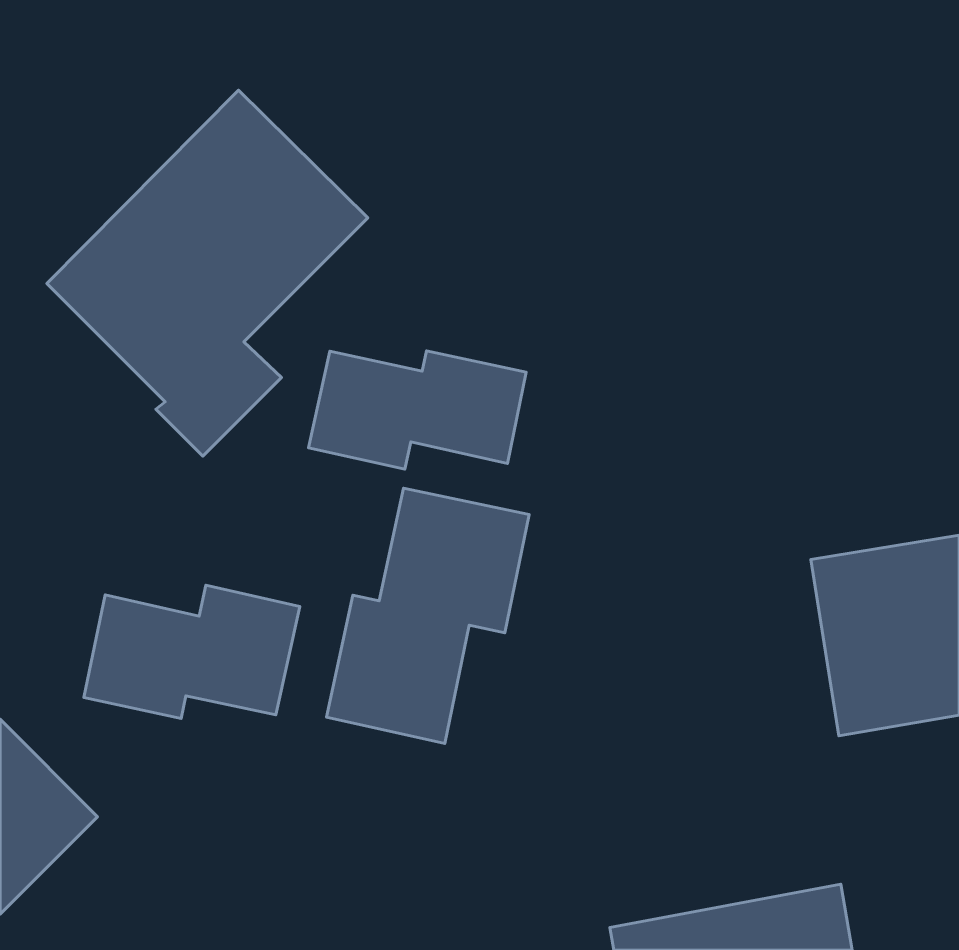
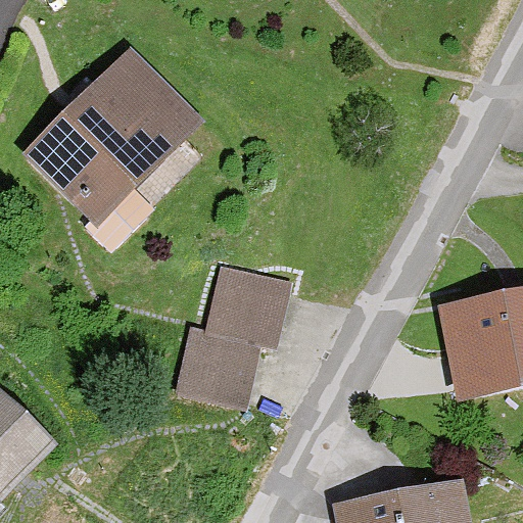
building: [308,351,526,469] -> none
building: [84,585,300,719] -> none

